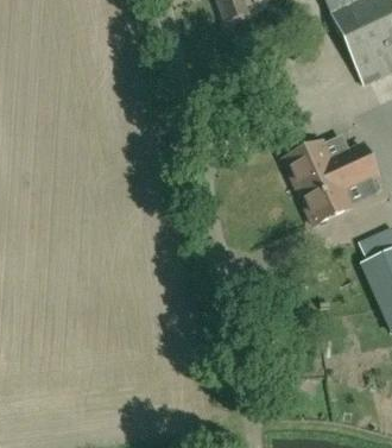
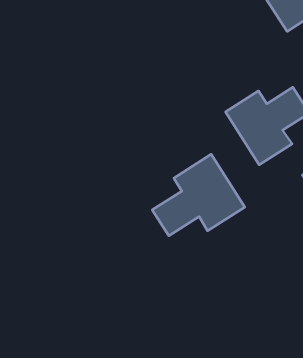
building: none -> [152,154,245,236]

